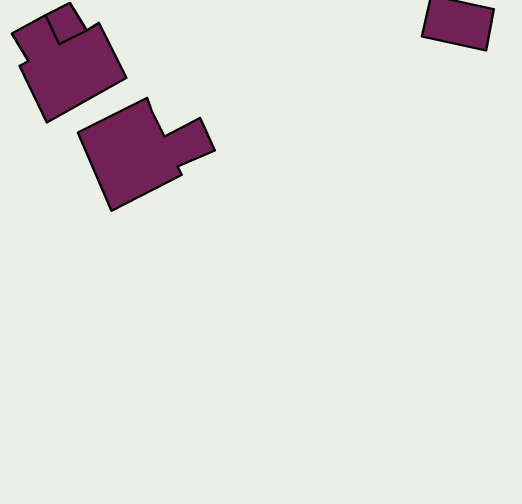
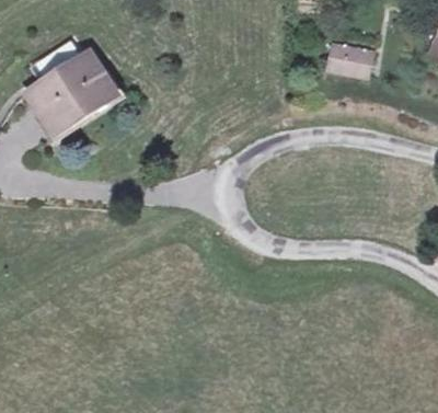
building: [78,98,215,211] -> none

